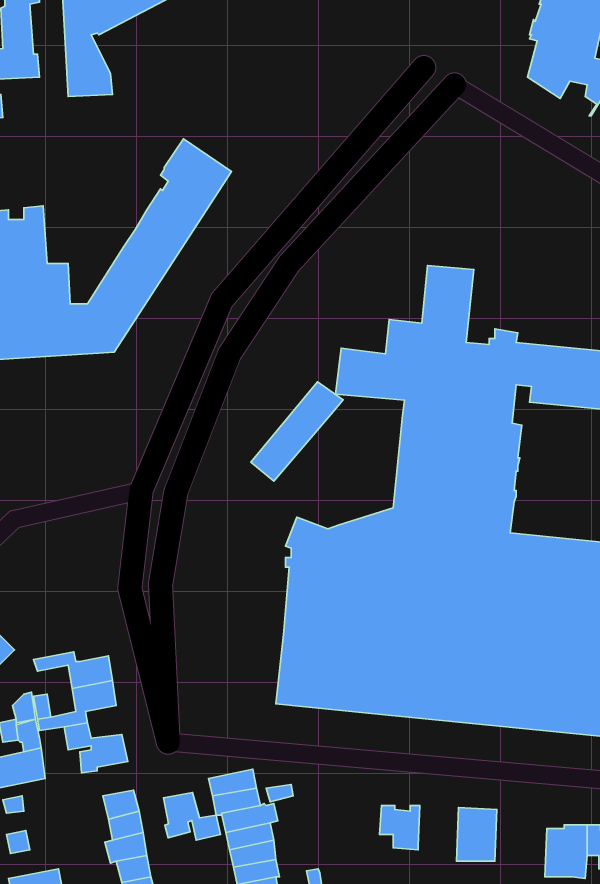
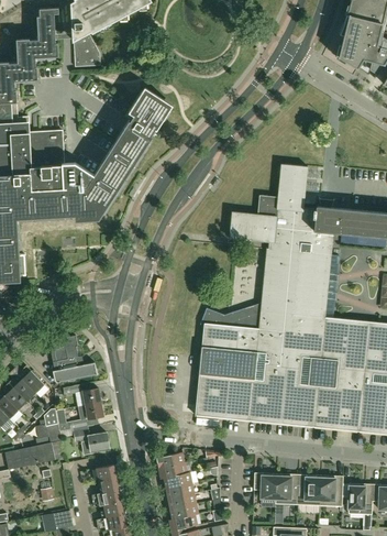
building: [251,382,343,481] -> none
building: none -> [52,336,98,382]
building: [163,792,221,840] -> none
building: none -> [276,473,299,505]
building: none -> [320,475,343,506]

